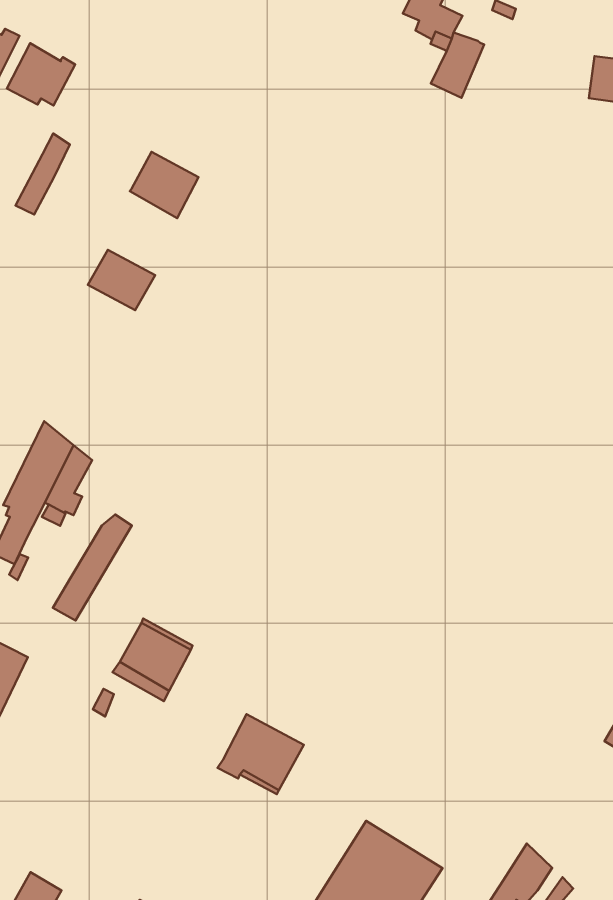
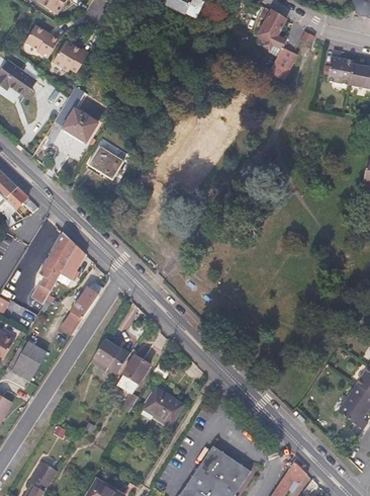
building: none -> [327,50,353,84]
building: [130,152,199,218] -> [62,108,97,143]
building: none -> [116,354,150,412]

